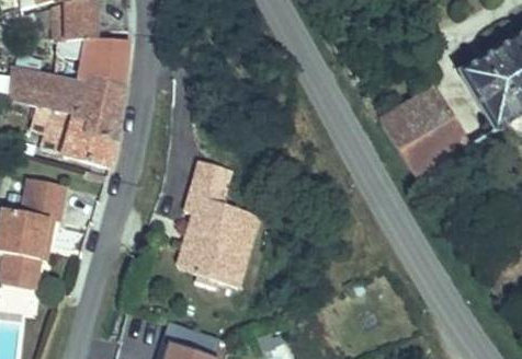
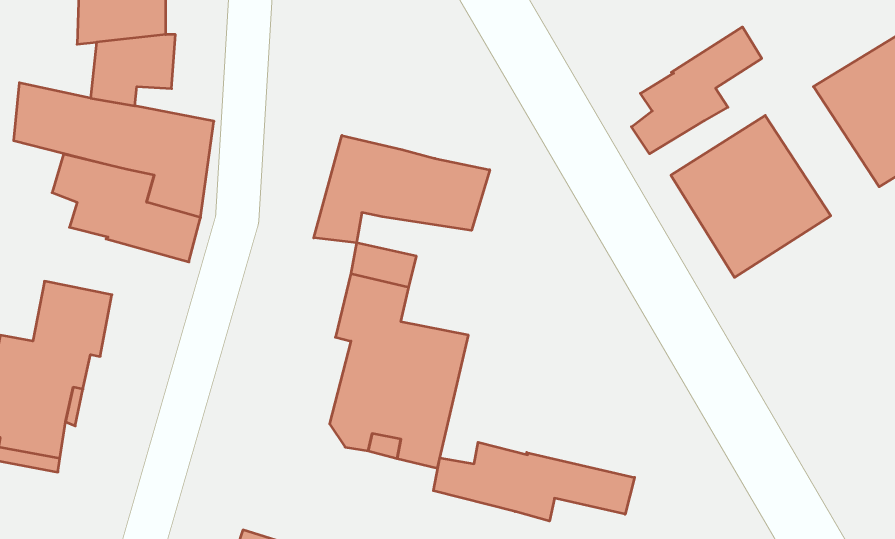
building: none -> [631,27,762,154]
building: [78,38,128,88] -> none
building: none -> [314,135,490,243]
building: none -> [433,442,635,521]

